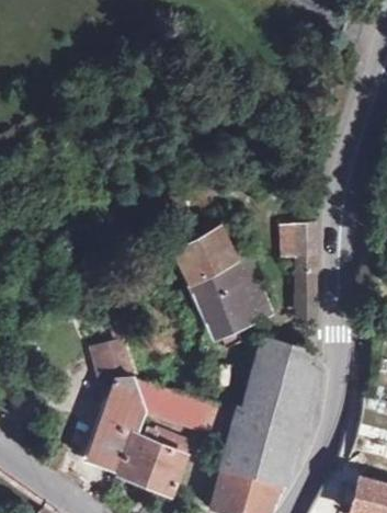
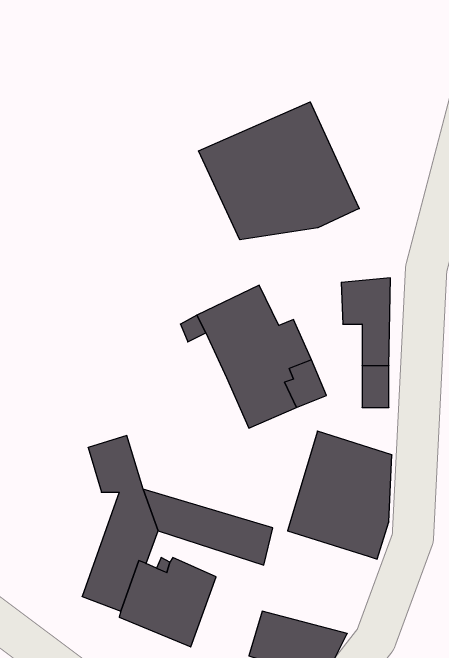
building: none -> [199,102,359,240]
building: [220,412,298,488] -> none

